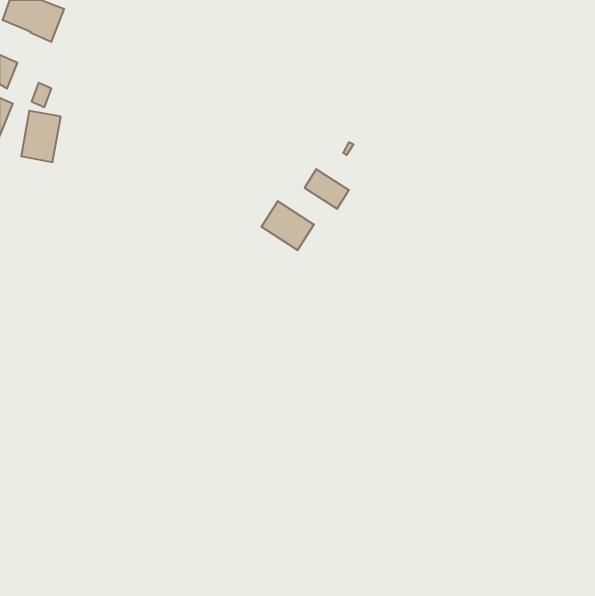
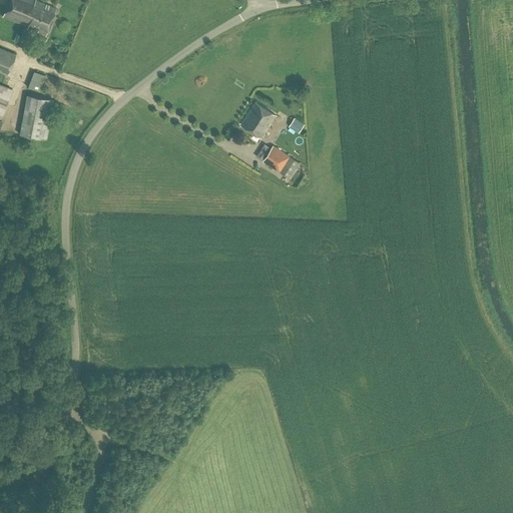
building: none -> [239,102,276,138]
building: [261,201,314,250] -> none

